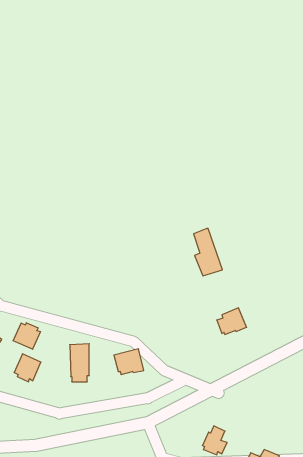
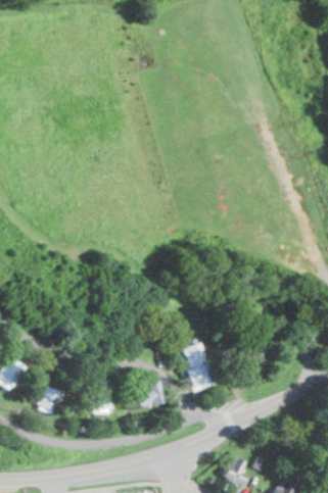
building: [194,229,222,276] -> [186,344,215,391]
building: [13,323,40,349] -> none

